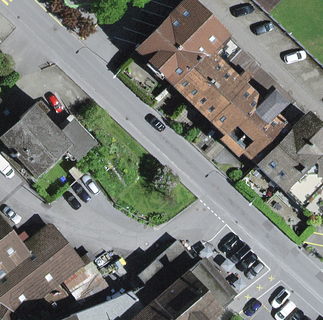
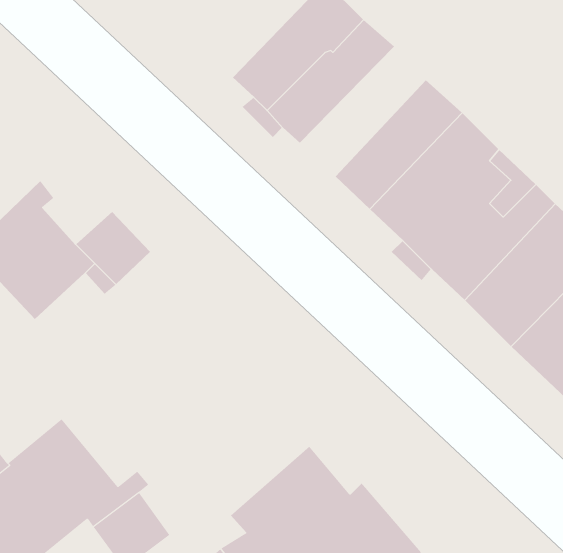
building: [174,33,239,100] -> none

